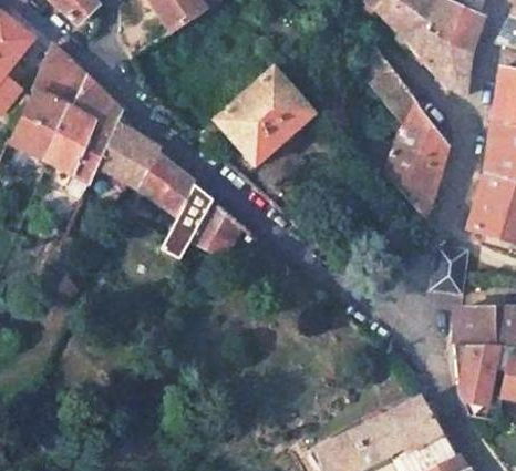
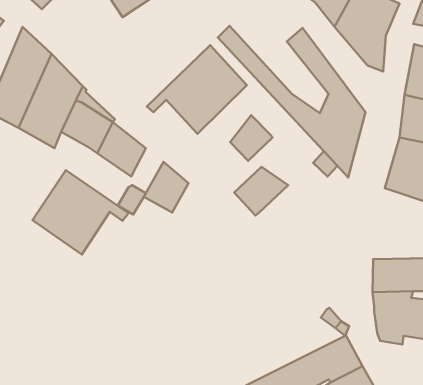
building: none -> [230,115,273,161]
building: none -> [234,167,288,216]
building: none -> [33,170,129,255]
building: [432,245,465,291] -> none

